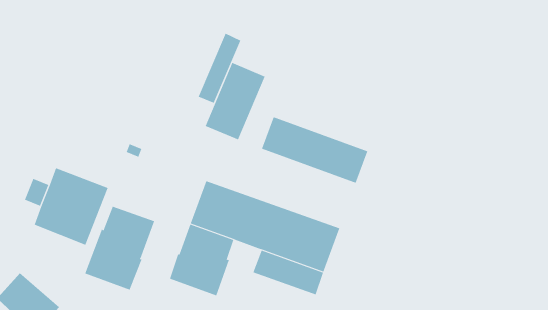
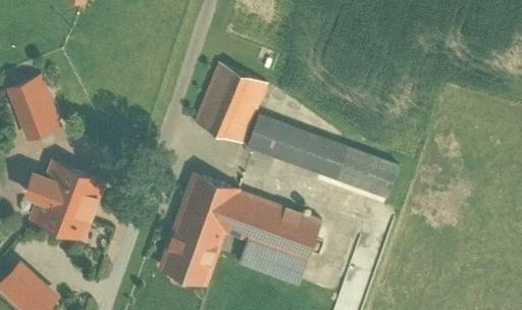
building: [198,33,241,103] -> [225,78,266,144]
building: none -> [7,78,57,138]
building: none -> [336,148,399,197]
building: [85,206,155,290] -> none

